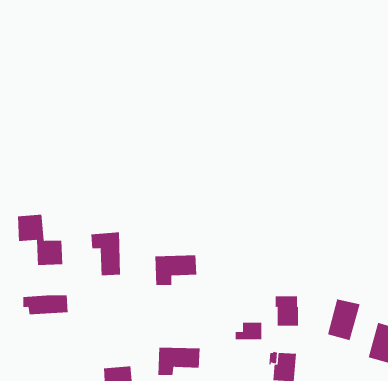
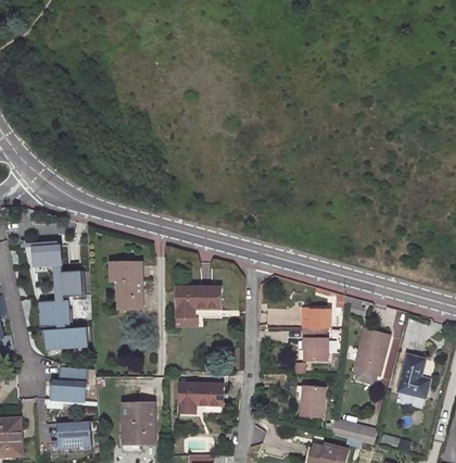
building: none -> [39,299,72,327]
building: [235,322,262,340] -> [301,310,329,328]
building: none -> [46,365,87,406]

